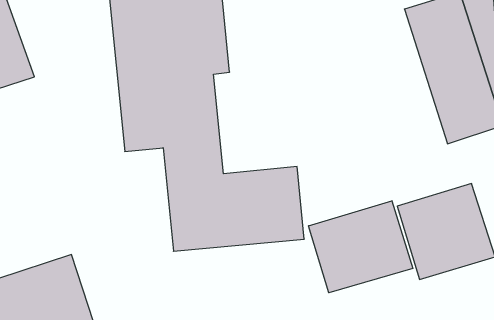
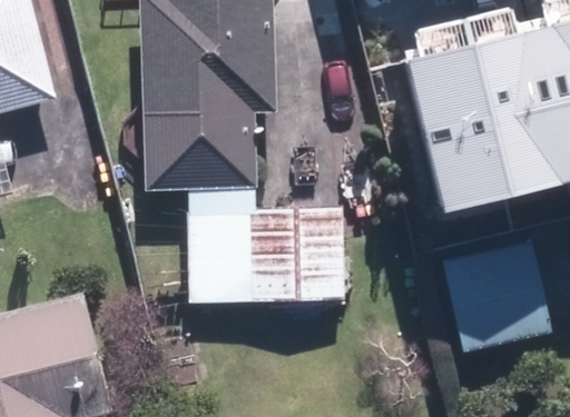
building: none -> [407,48,505,215]
building: [309,201,413,293] -> none

